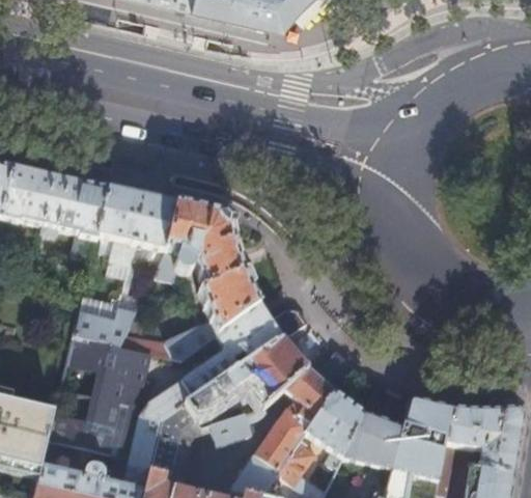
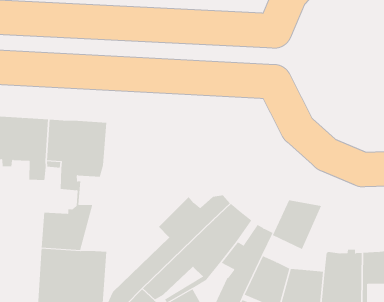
building: [137,202,258,361] -> none
building: none -> [272,200,322,250]

